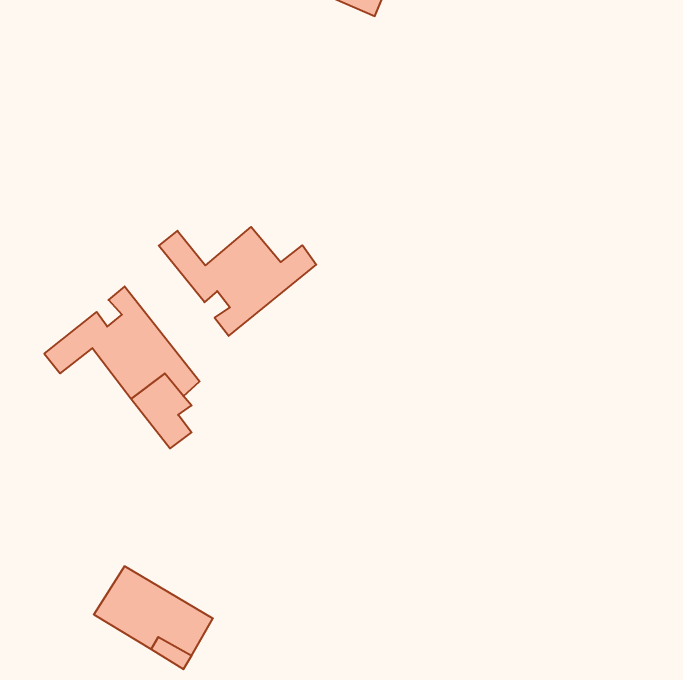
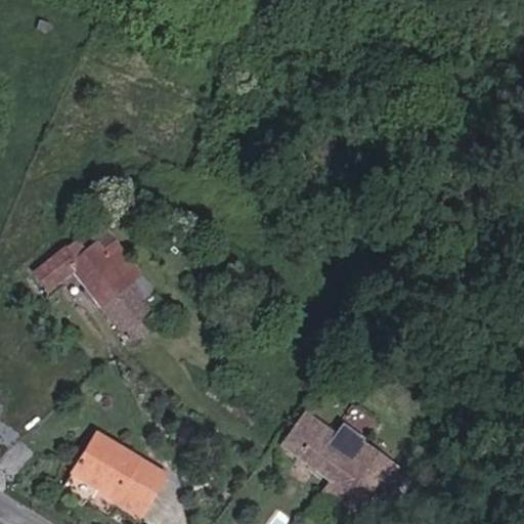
building: [159,227,316,336] -> none
building: none -> [281,412,402,513]

